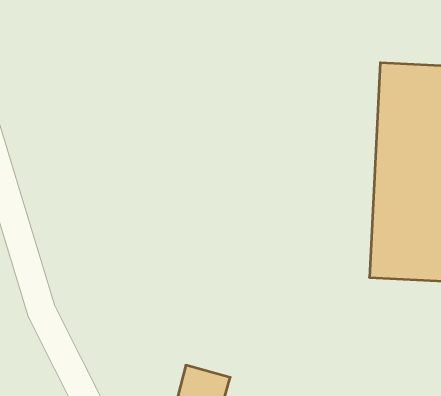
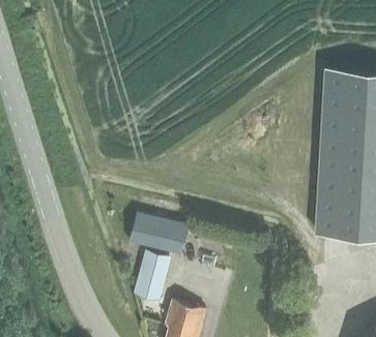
building: none -> [131,213,191,257]
building: none -> [139,253,173,290]

